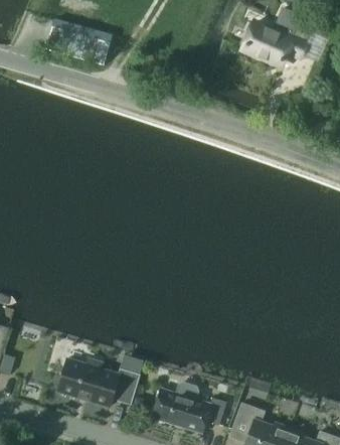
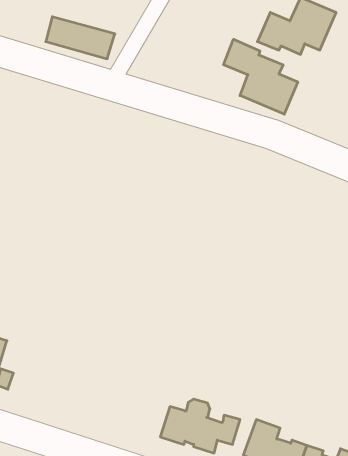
building: none -> [224,39,298,114]
building: [56,358,140,407] -> none

